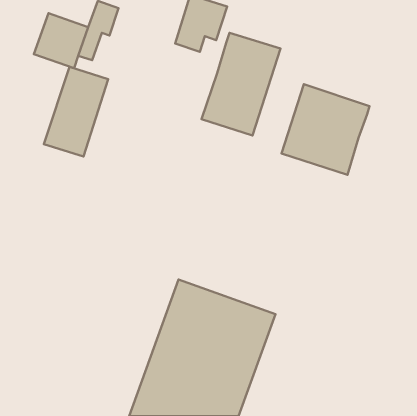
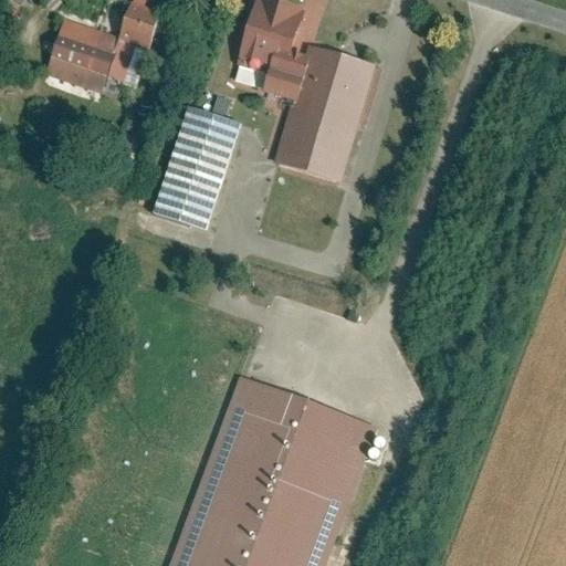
building: none -> [263,49,304,98]
building: [44,67,108,156] -> [154,107,240,228]
building: [281,84,370,175] -> none

